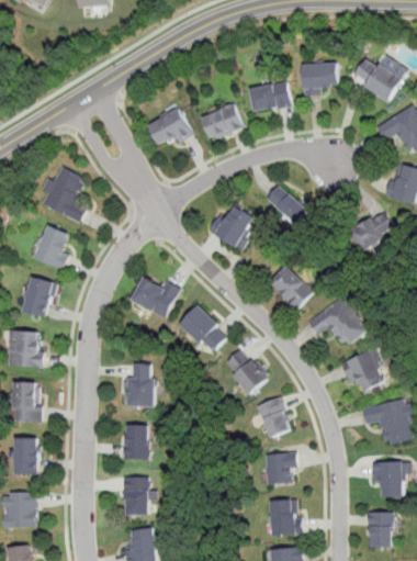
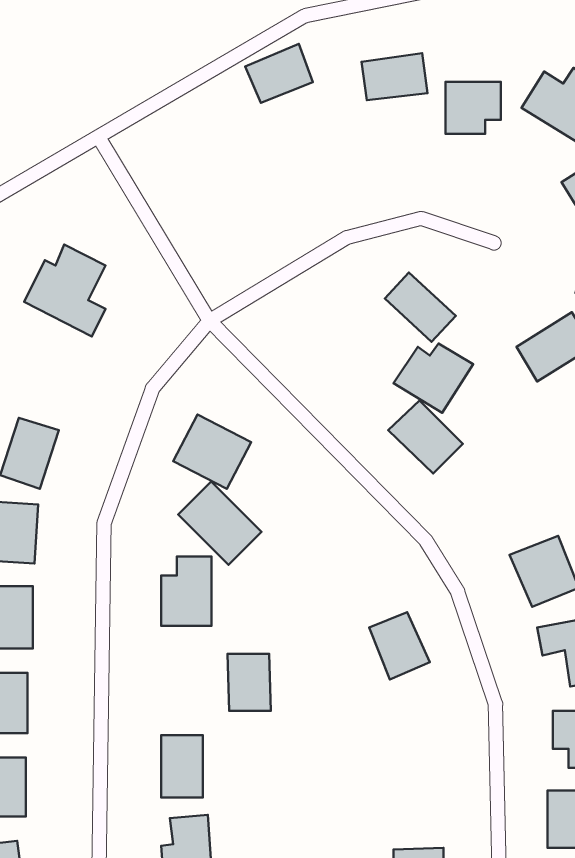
building: [249,82,291,112] -> [362,53,428,100]
building: [200,103,243,141] -> [245,44,313,103]
building: [147,108,193,146] -> none
building: [207,206,258,250] -> [394,343,473,413]
building: [33,224,72,268] -> none
building: [307,298,367,348] -> none
building: [178,303,230,356] -> [178,482,262,565]
building: [224,349,267,397] -> none
building: [122,424,149,460] -> [228,654,271,711]
building: [263,453,296,487] -> none
building: [269,501,300,537] -> none

